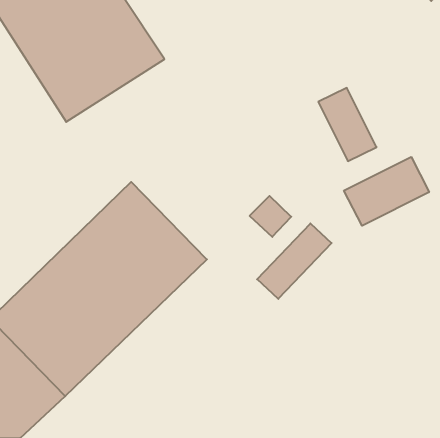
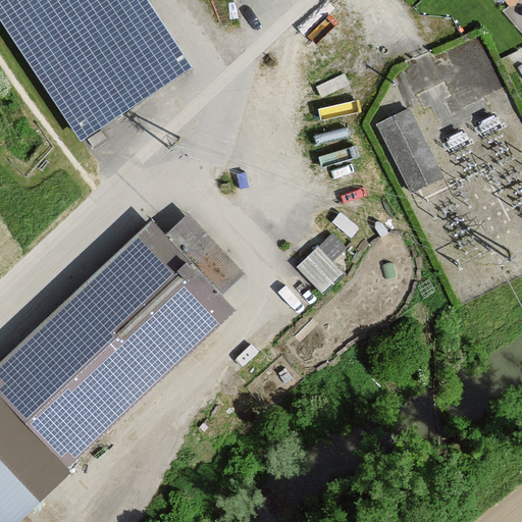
building: [344,157,429,226] -> none
building: [257,223,332,299] -> none

